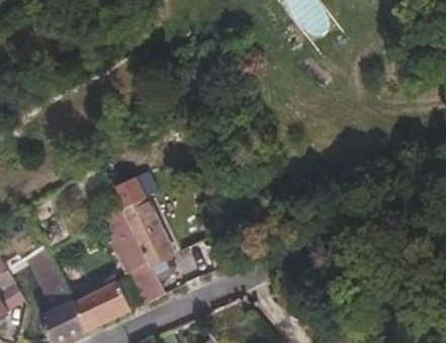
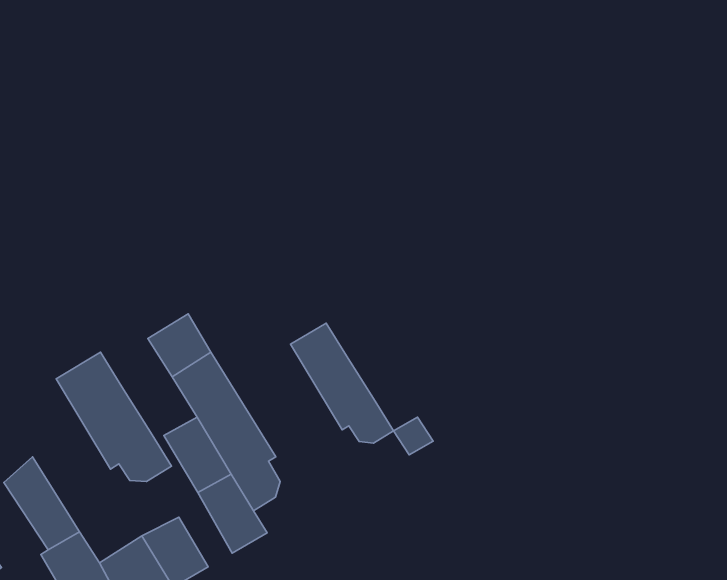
building: none -> [290,323,394,443]
building: none -> [56,352,172,481]

